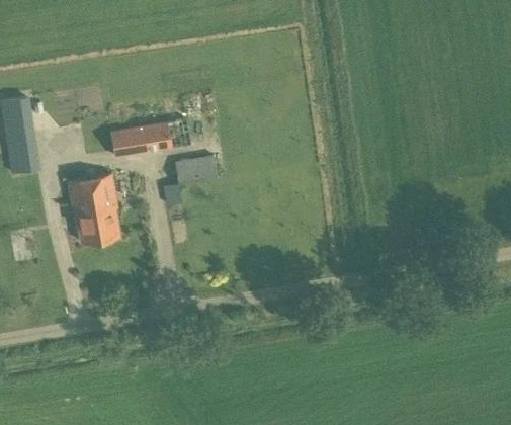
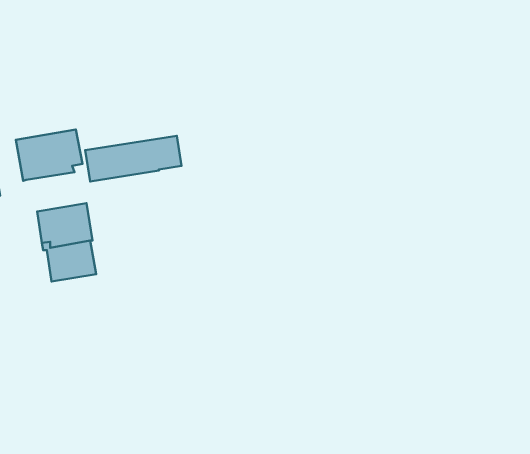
building: none -> [16,129,82,181]
building: [163,154,218,203] -> none

